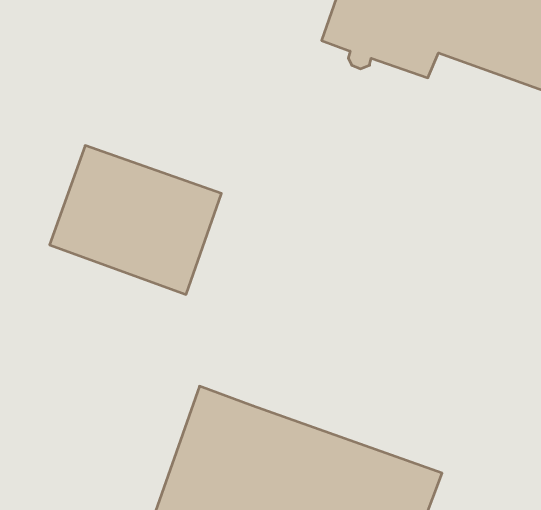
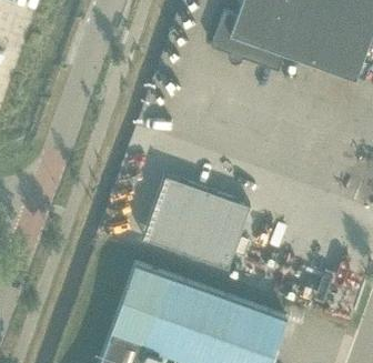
building: [50,146,221,294] -> [142,178,250,271]

